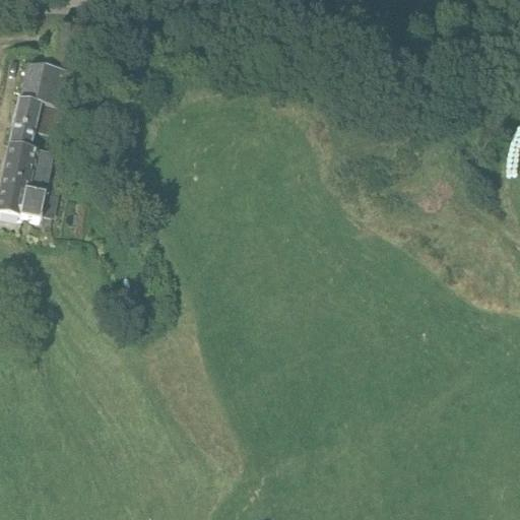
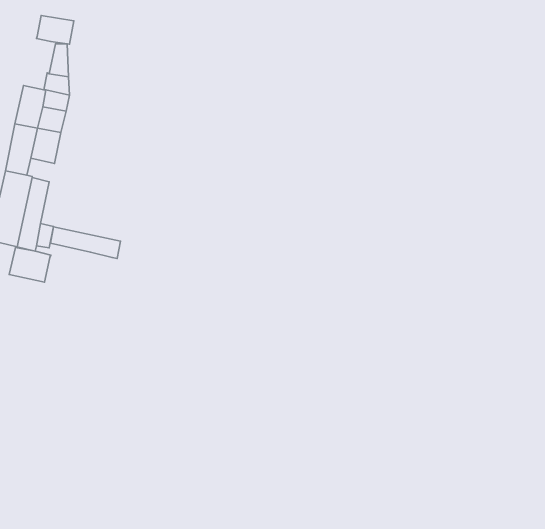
building: none -> [37,15,74,44]
building: none -> [50,227,121,259]
building: none -> [9,248,51,282]

